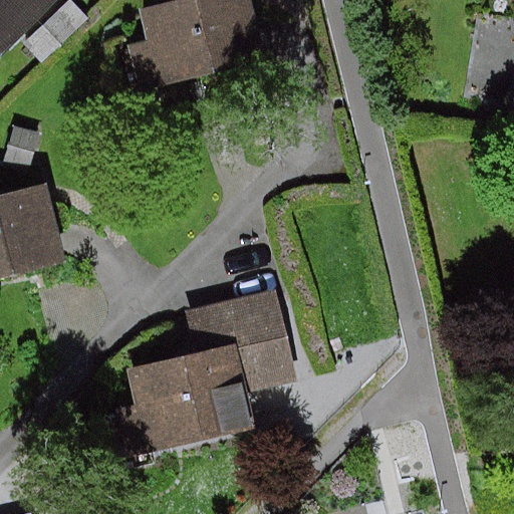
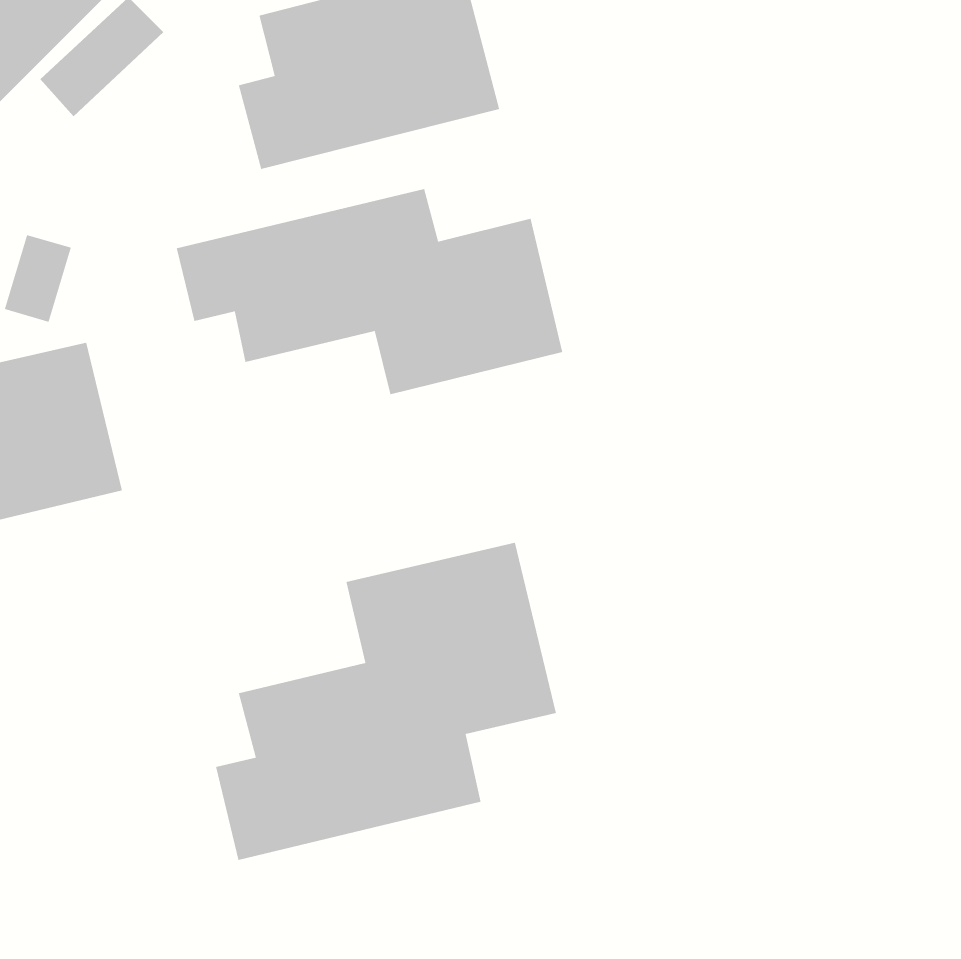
building: none -> [176,188,563,395]

